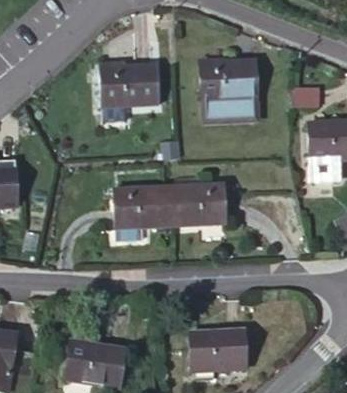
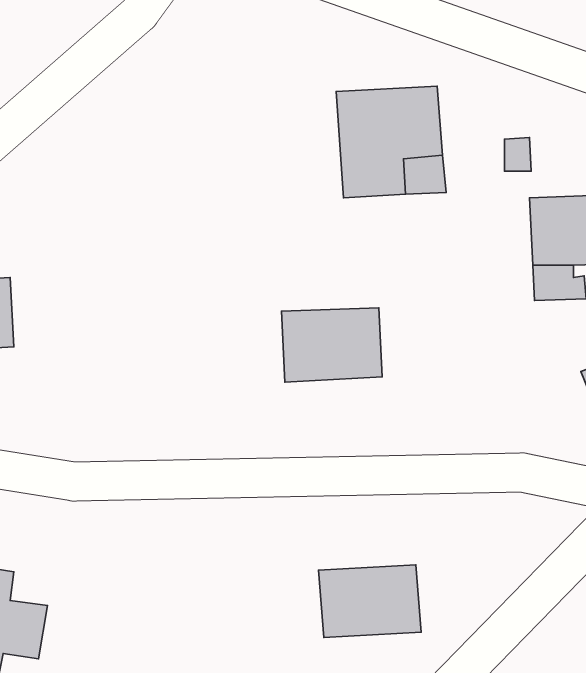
building: [98,63,158,105] -> none
building: [115,185,170,228] -> none
building: [65,338,125,384] -> none

